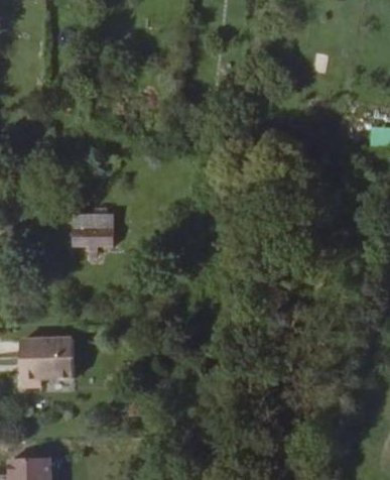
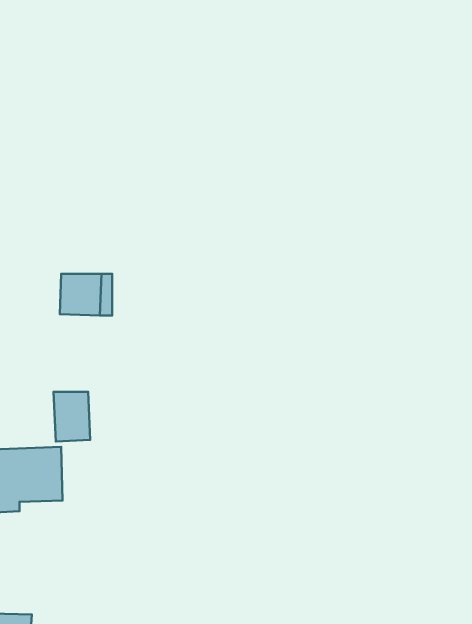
building: none -> [54,392,90,441]

